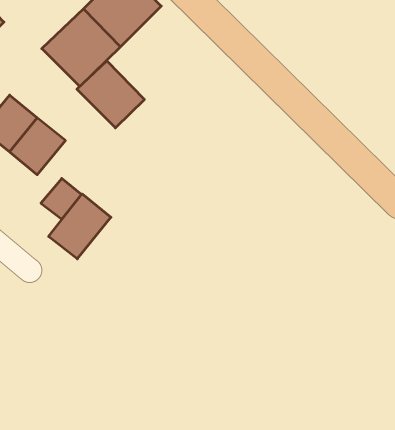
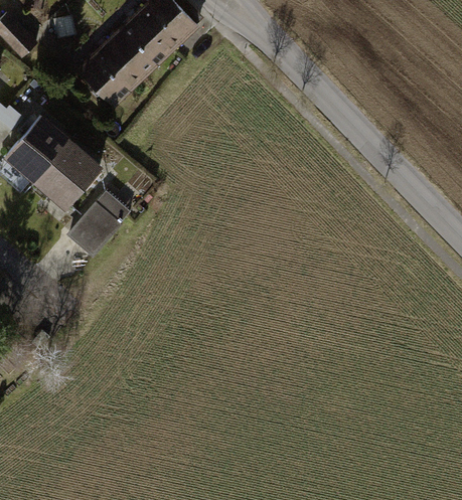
building: [77,61,144,128] -> none
building: [49,194,111,259] -> none

